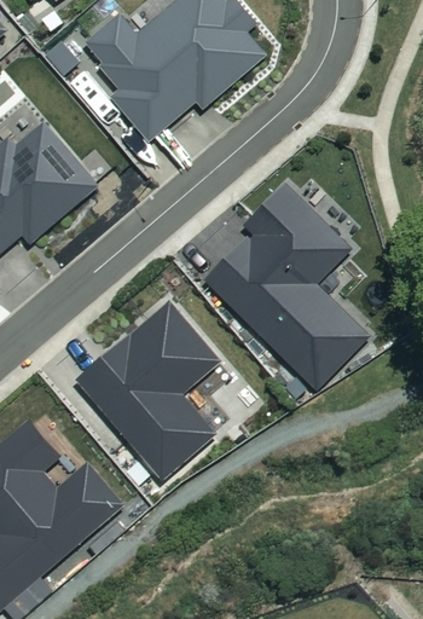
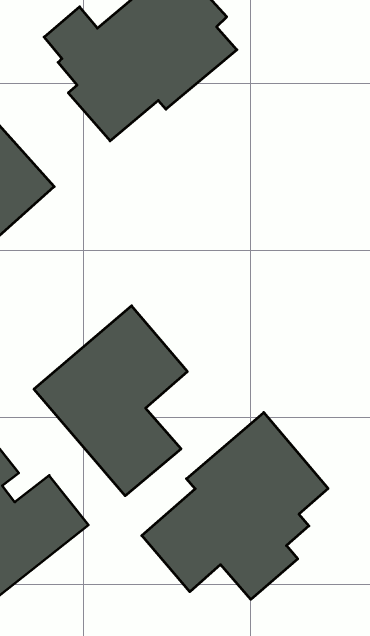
building: [202,184,370,392] -> none
building: none -> [142,412,328,599]

